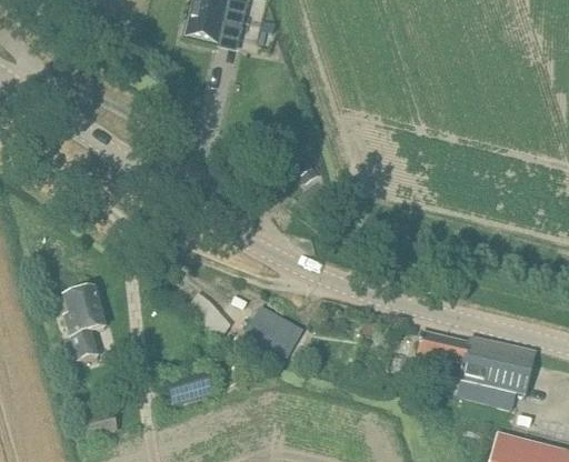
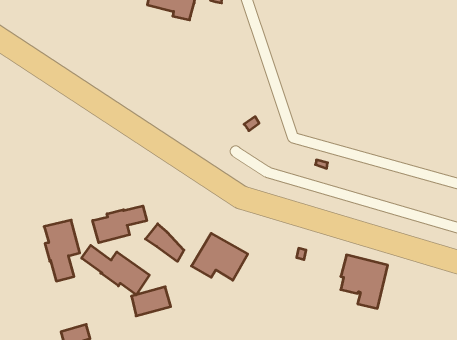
building: none -> [93,206,147,243]
building: none -> [82,245,149,295]
building: [458,334,537,409] -> none

